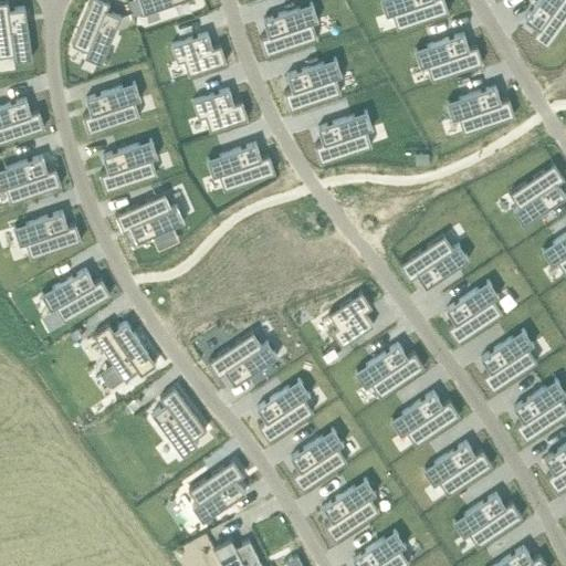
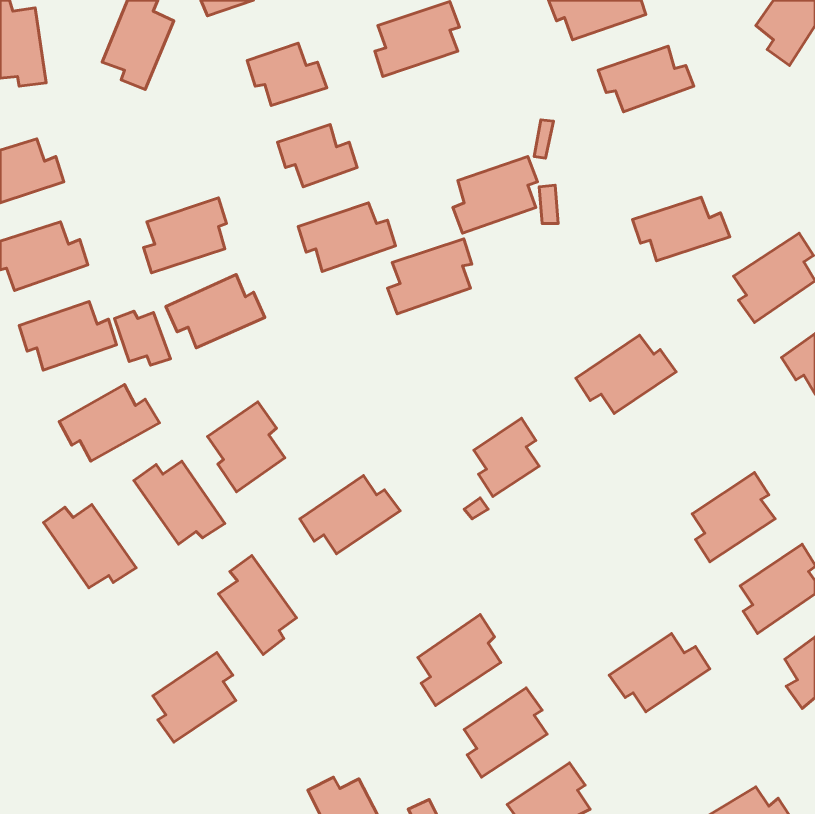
building: [283,57,342,109] -> [387,239,472,314]
building: [82,81,140,133] -> none
building: [447,86,514,130] -> [633,197,730,261]
building: none -> [114,311,171,365]
building: none -> [208,402,285,492]
building: [446,280,502,342] -> none
building: [355,342,424,396] -> none
building: none -> [44,504,136,588]
building: [255,378,313,440] -> none
building: [390,390,460,444] -> none
building: [188,459,245,521] -> [153,653,236,742]
building: [453,492,522,546] -> none

